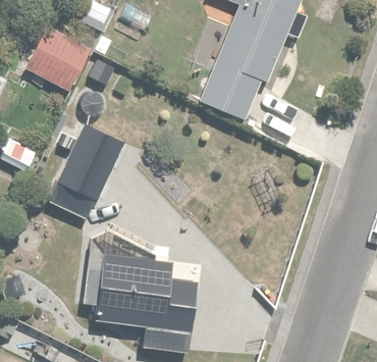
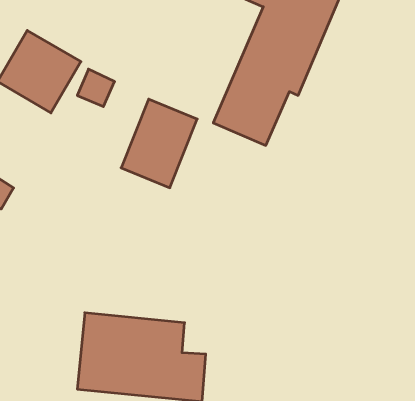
building: [55,126,117,199] -> [121,99,197,188]

